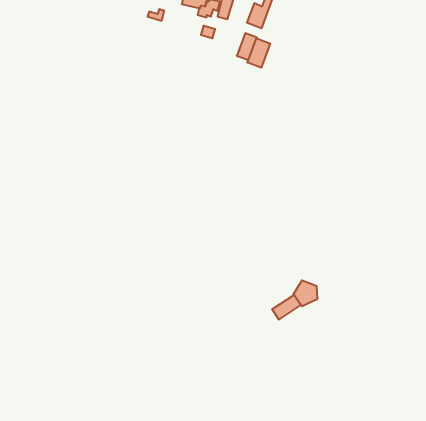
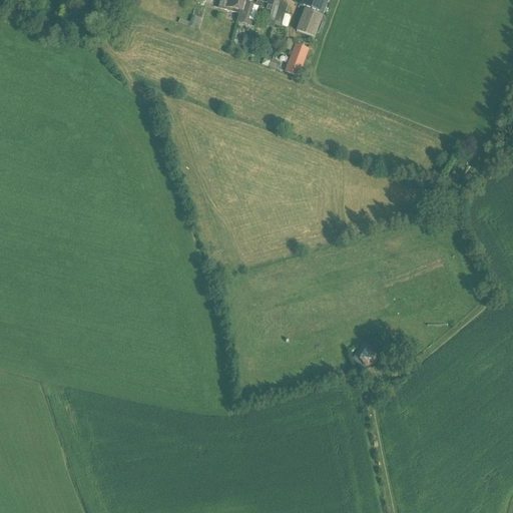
building: [247,38,270,68] -> none
building: [272,295,301,320] -> none

